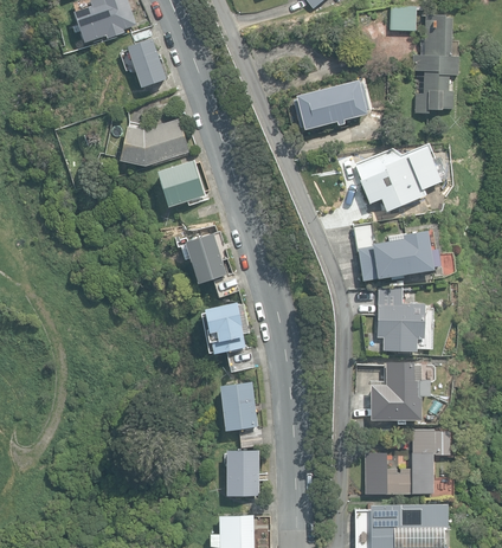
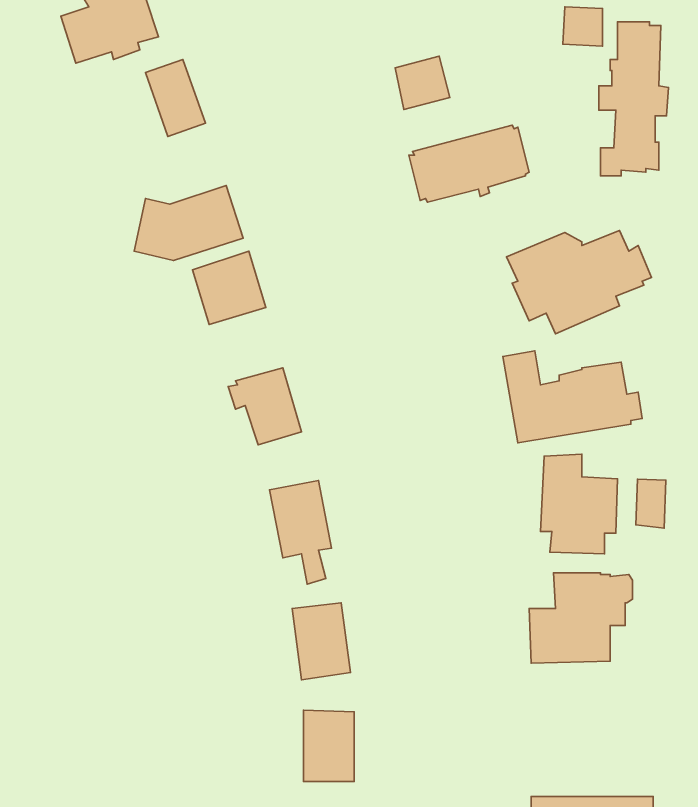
building: none -> [395,56,450,110]
building: none -> [636,479,666,528]
building: [365,431,449,494] -> none

